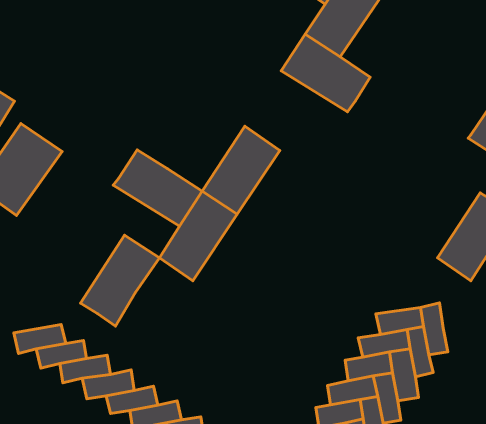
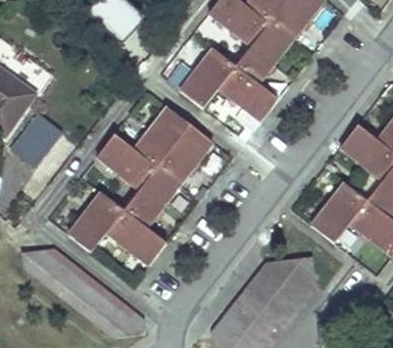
building: none -> [179,48,235,108]
building: none -> [134,107,189,166]
building: none -> [105,209,165,265]

